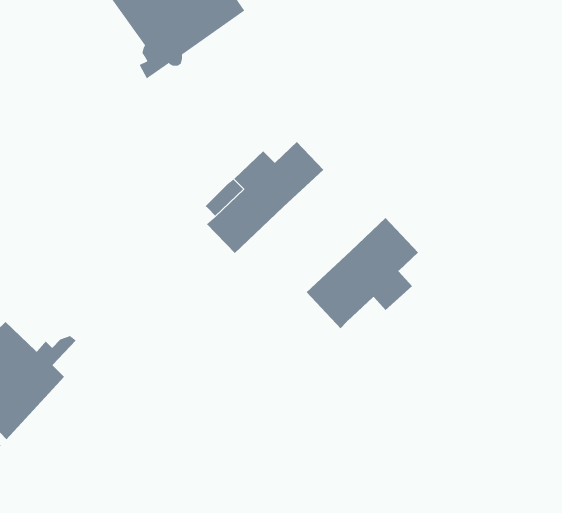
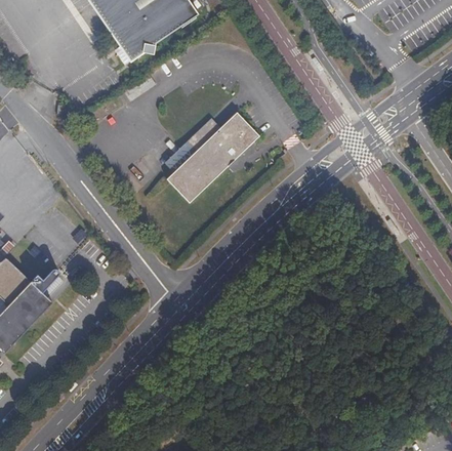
building: [306,217,419,329] -> none

